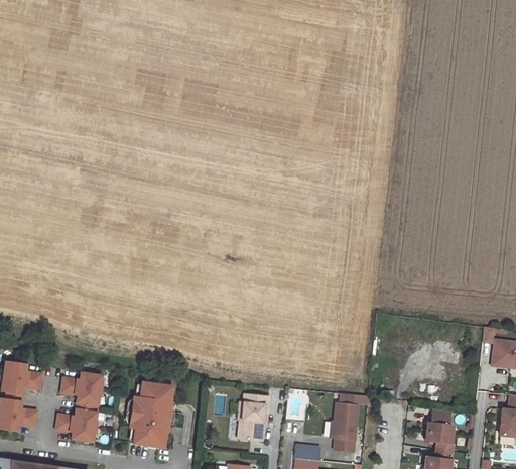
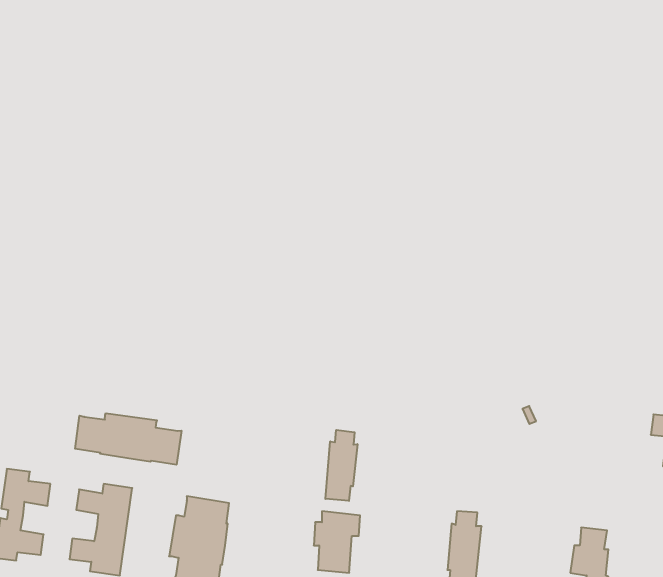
building: none -> [75,413,181,465]
building: none -> [325,430,357,501]

